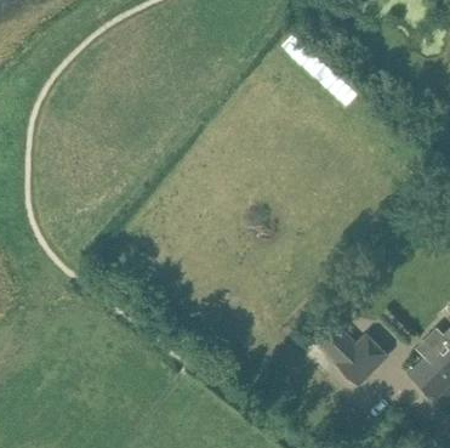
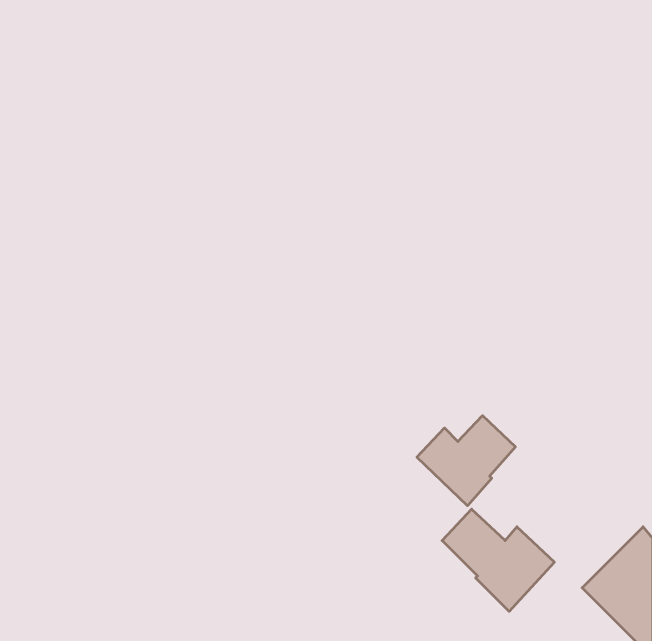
building: none -> [417,416,515,506]

